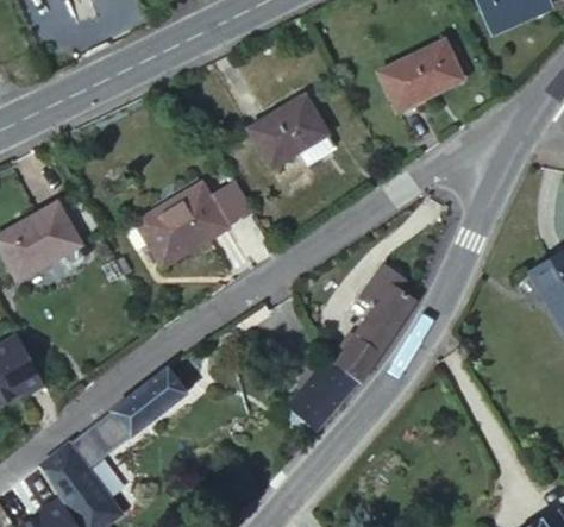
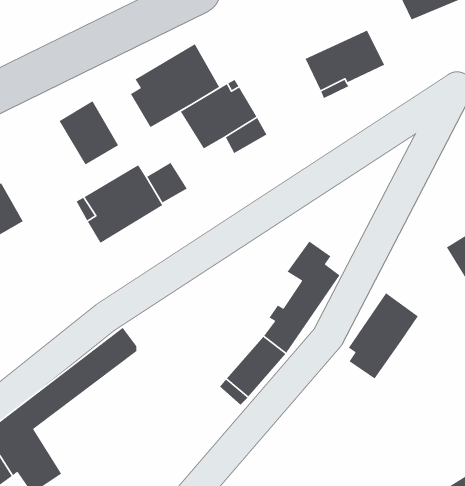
building: none -> [130,43,220,128]
building: none -> [59,100,119,165]
building: none -> [348,292,419,380]

